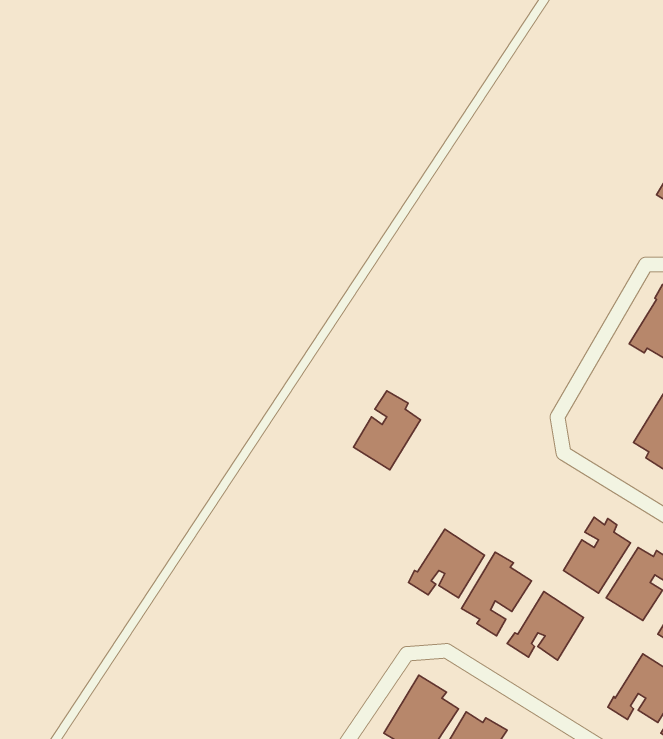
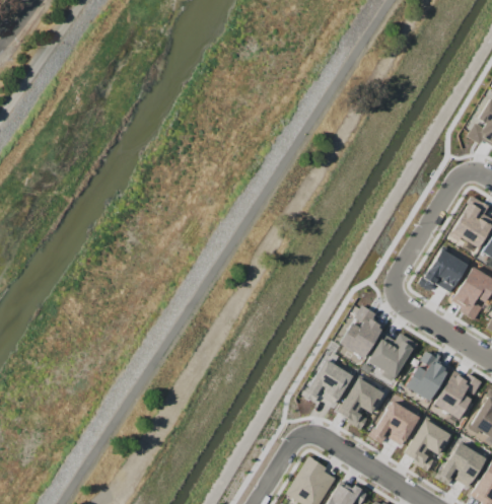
building: none -> [418,245,468,292]
building: [353,391,420,470] -> [340,306,384,359]
building: none -> [368,334,418,381]
building: none -> [404,416,450,472]

